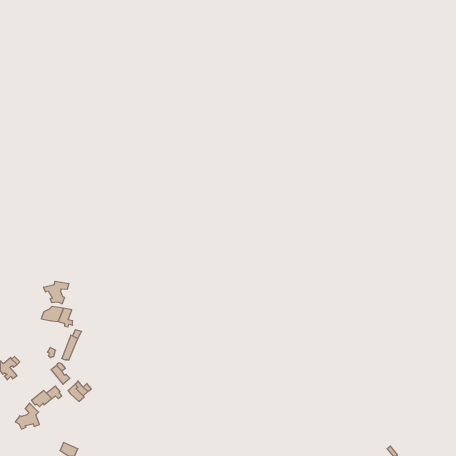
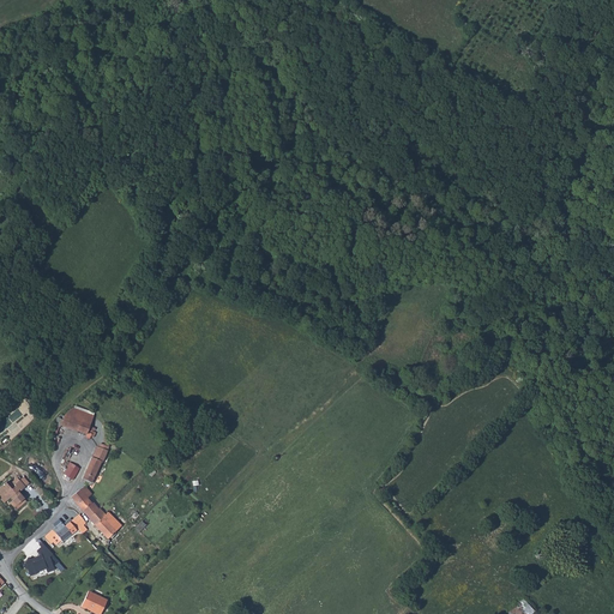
building: [44,281,69,304] -> none

